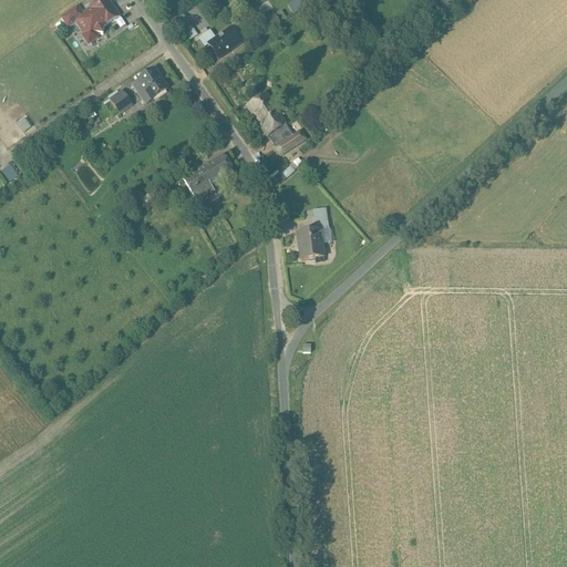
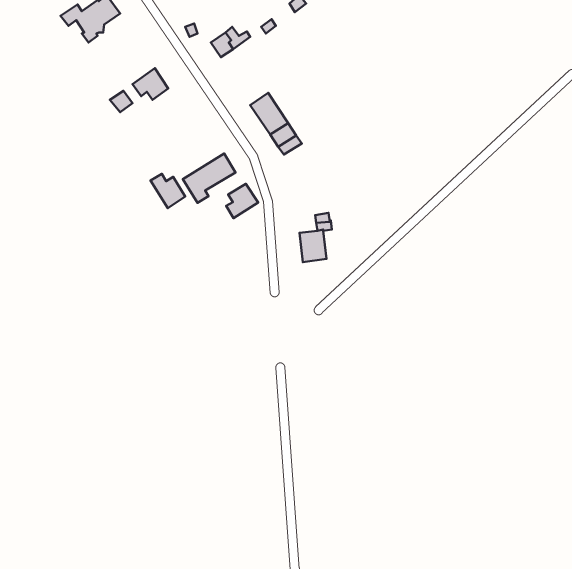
building: none -> [151,174,185,208]
building: none -> [226,184,258,218]

